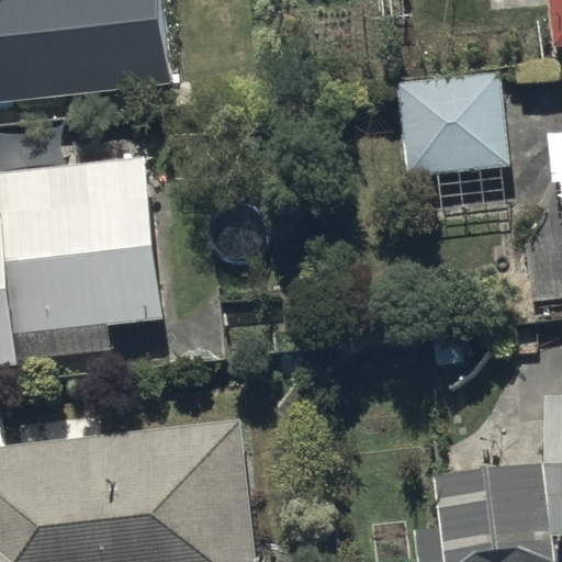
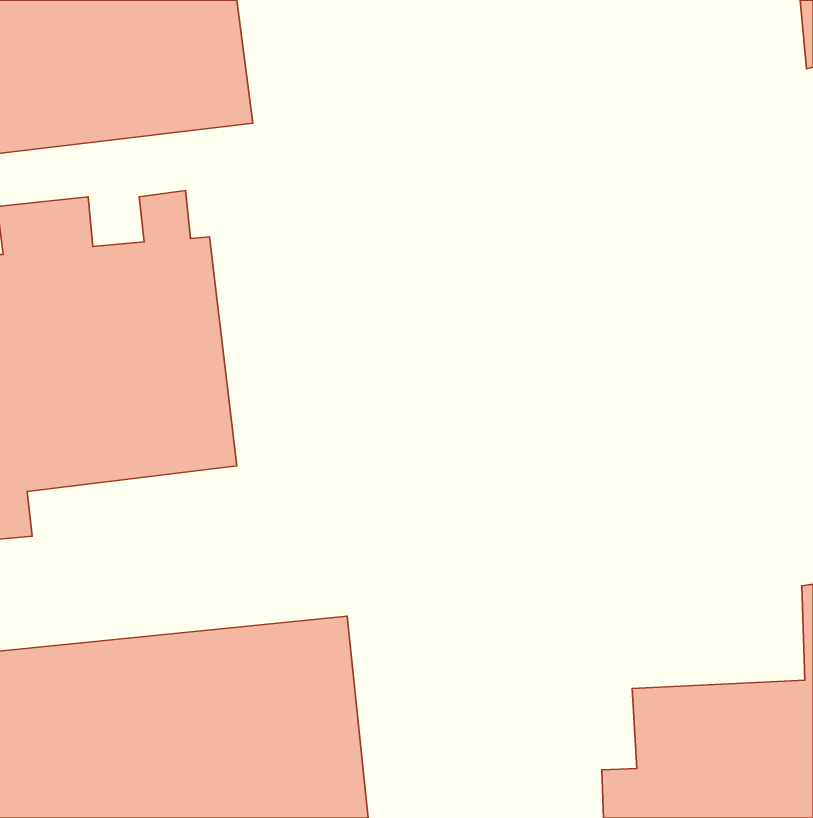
building: [396,76,510,180] -> none

